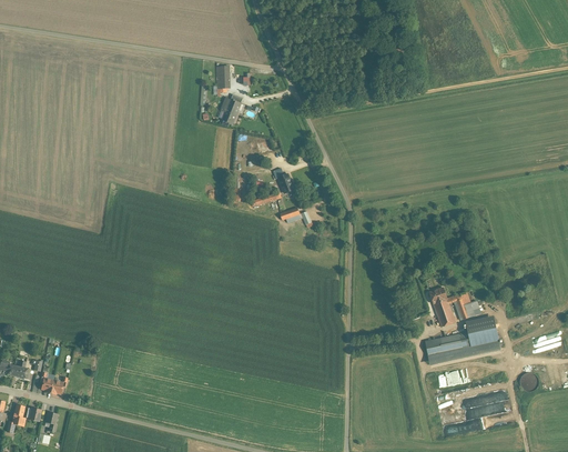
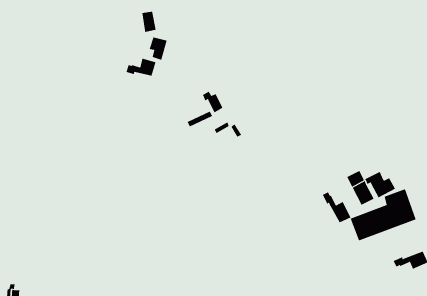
building: none -> [126,58,156,76]
building: none -> [322,192,351,223]

